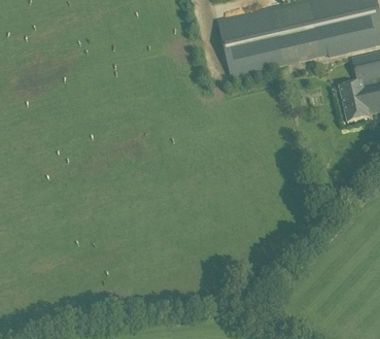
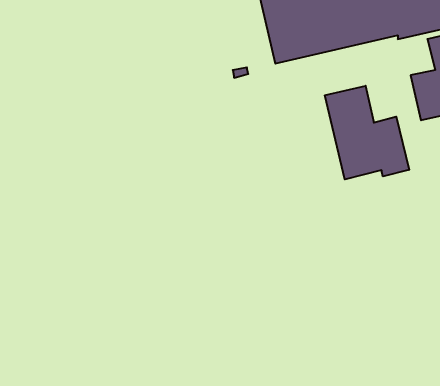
building: none -> [325,86,409,179]

